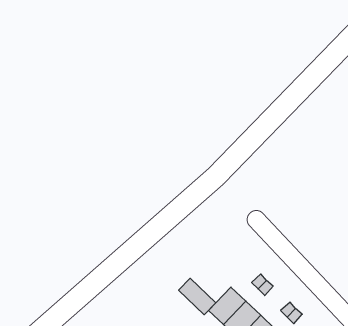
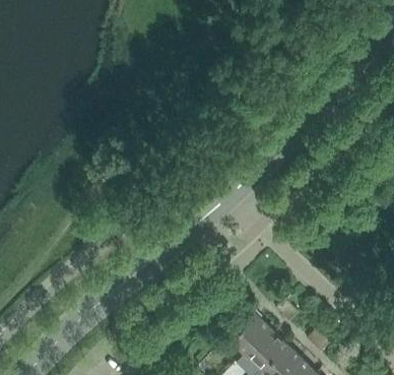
building: [179,278,216,315] -> none

